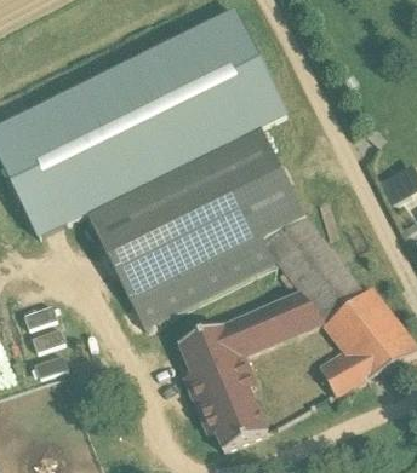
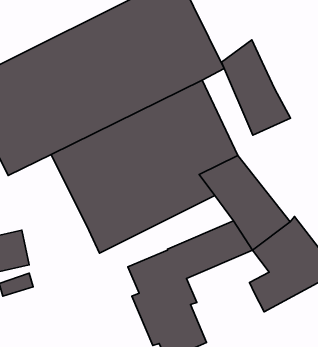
building: none -> [221,40,291,135]

